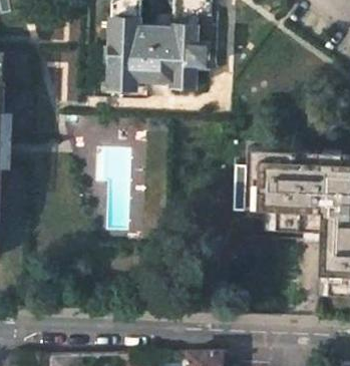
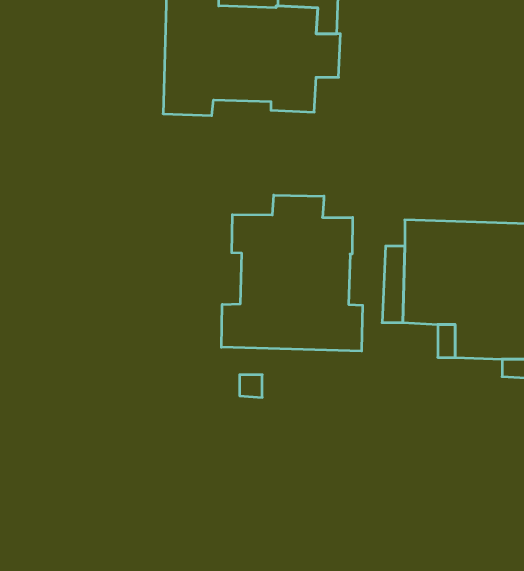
building: none -> [221,195,363,351]

